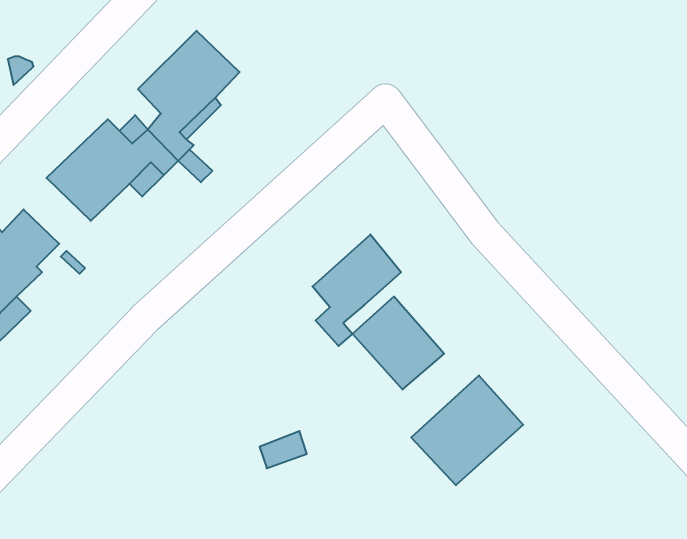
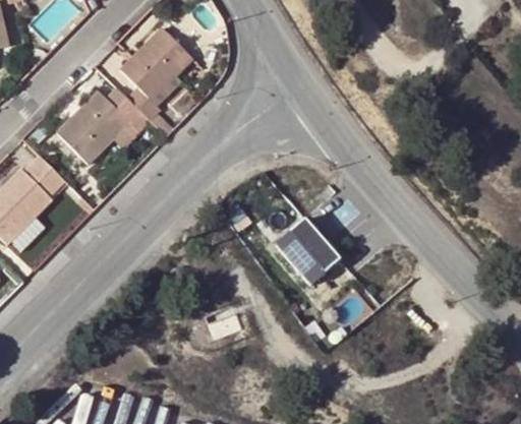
building: [312,234,401,346] -> none
building: [411,375,523,485] -> none

